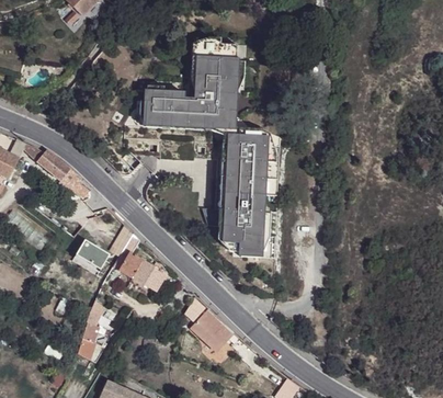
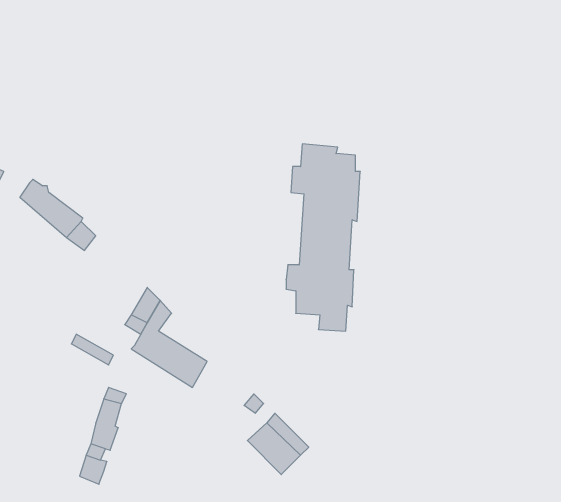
building: [141,44,238,128] -> none
building: [76,242,110,272] -> none

